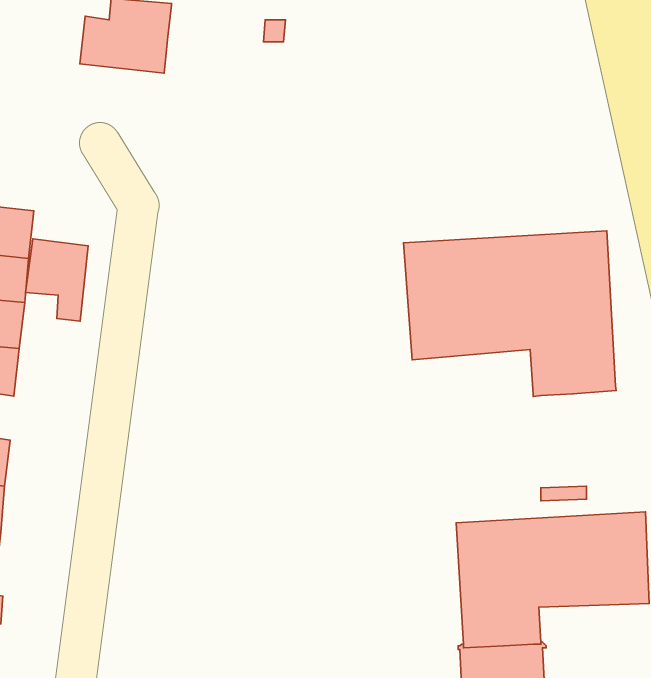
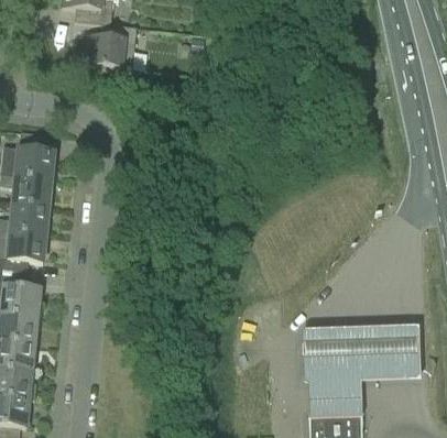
building: [404,231,616,396] -> none
building: [26,239,88,321] -> none

